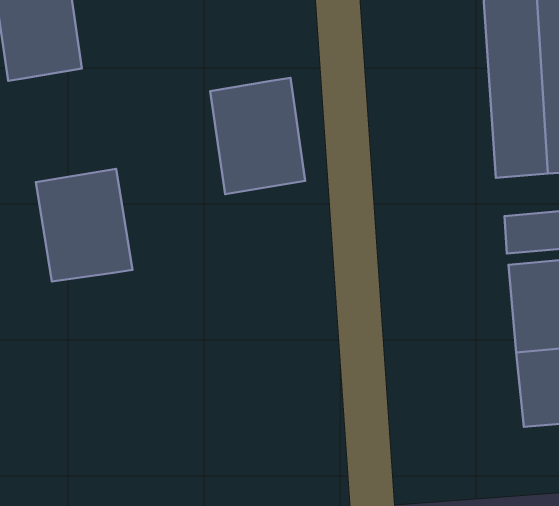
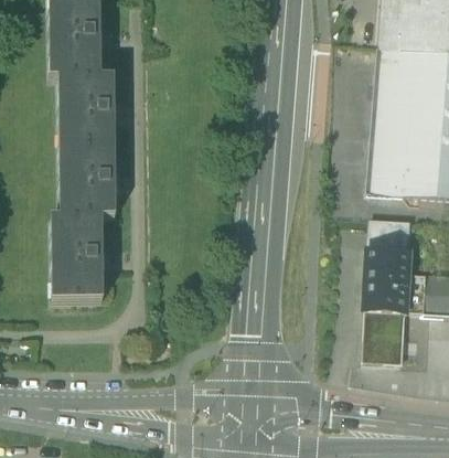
building: [210,78,305,194] -> [58,79,114,151]
building: none -> [51,220,103,302]

